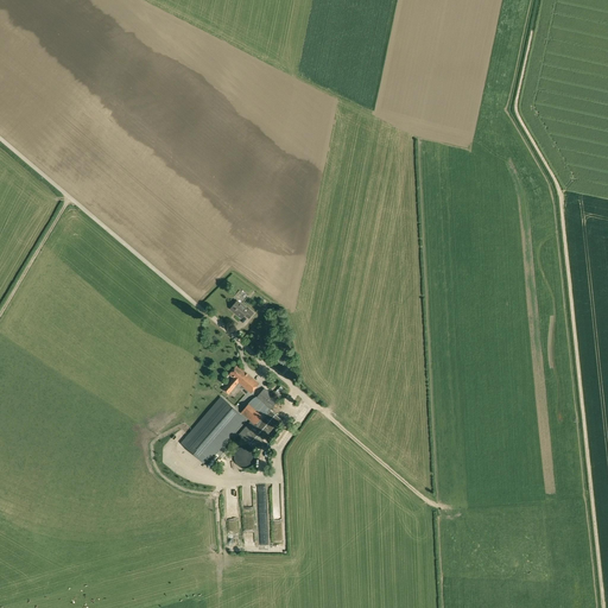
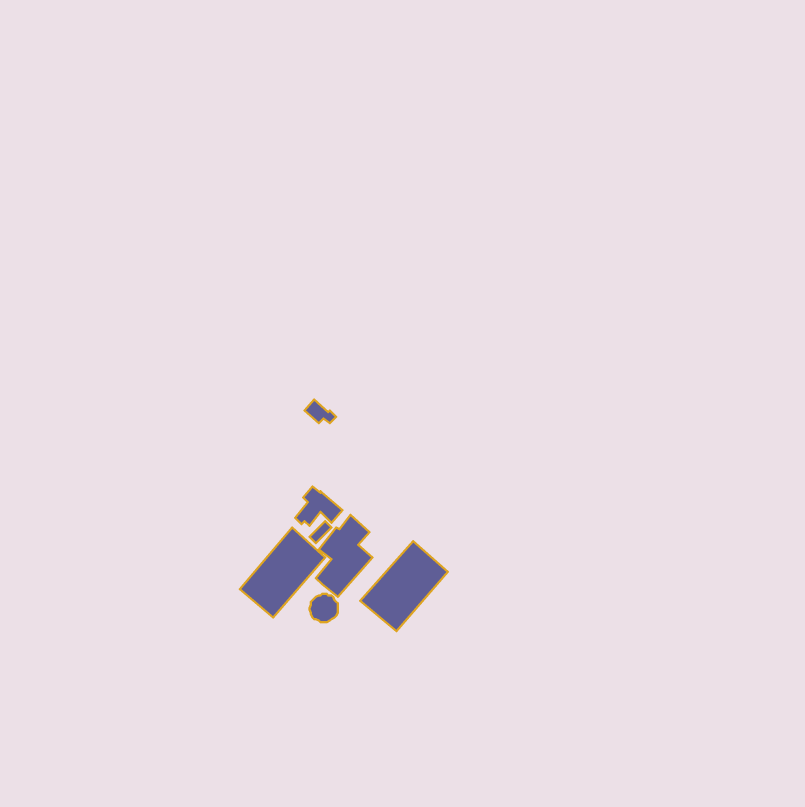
building: none -> [360,541,448,631]

